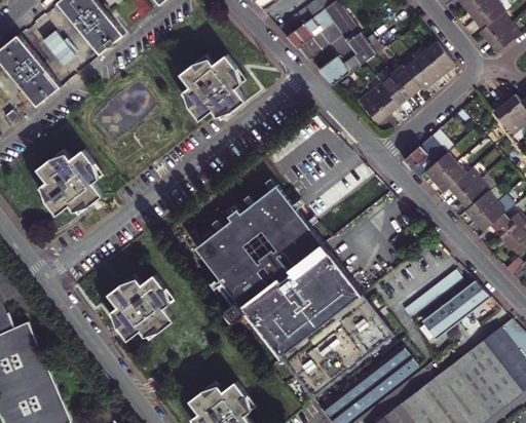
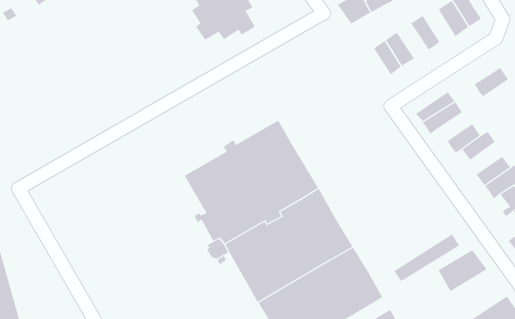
building: [400,62,430,93] -> none
building: [376,78,407,110] -> none
building: [36,150,102,215] -> none
building: [425,153,457,183] -> [474,67,509,97]
building: [459,178,491,208] -> none
building: [107,274,172,339] -> none
building: [421,304,457,340] -> none

